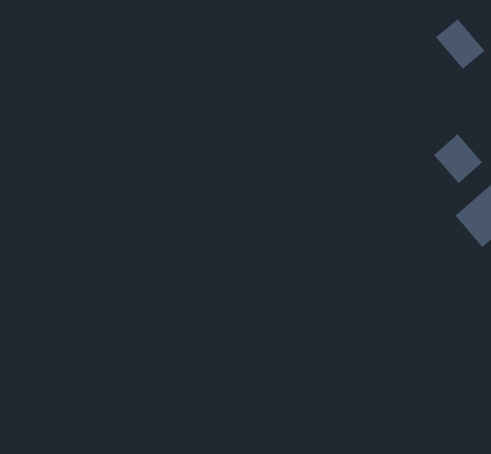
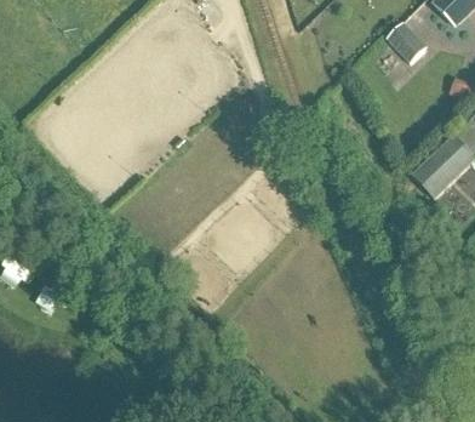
building: [433,133,483,184] -> none

